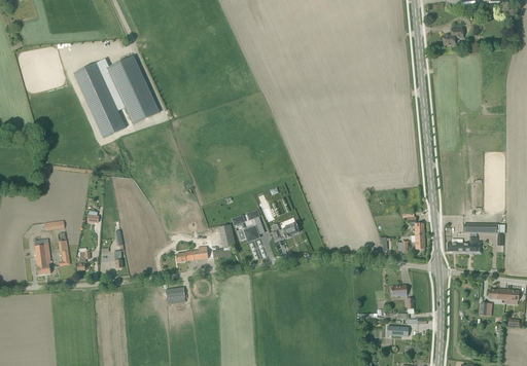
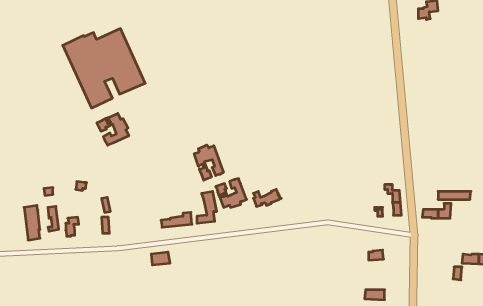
building: none -> [97,113,129,145]
building: none -> [194,145,223,180]

